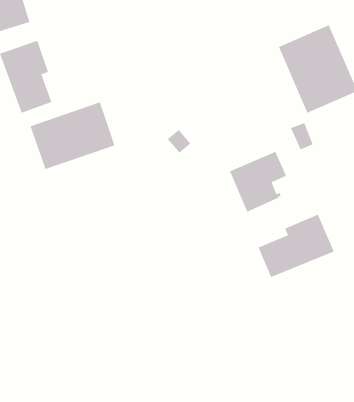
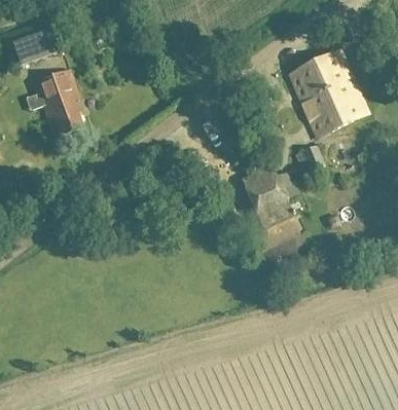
building: [30,102,115,170] -> none
building: [258,214,335,278] -> none

